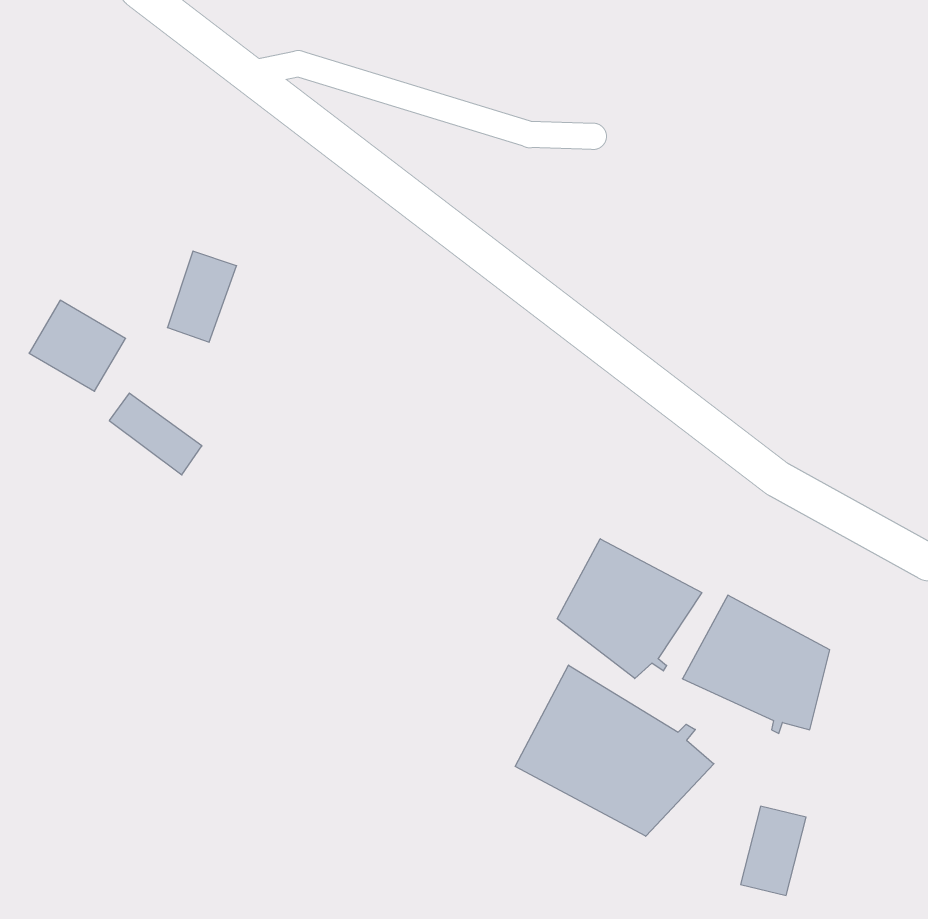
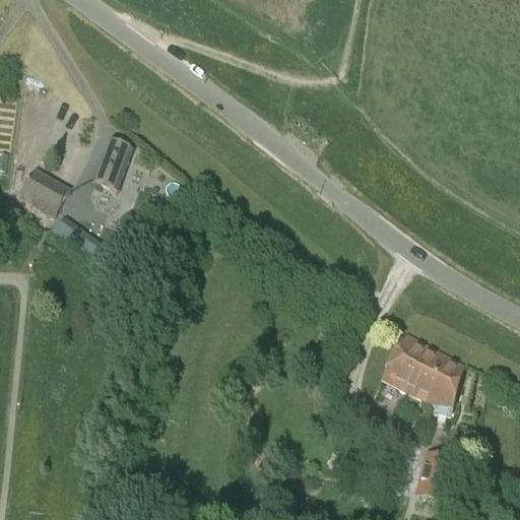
building: [557,539,702,679] -> none
building: [515,665,714,836] -> none

